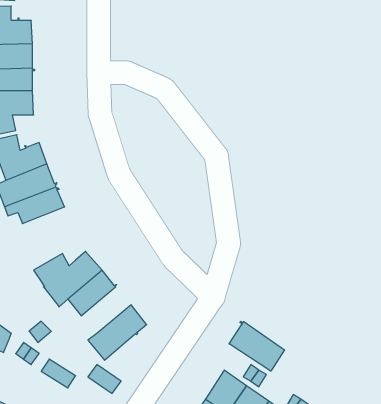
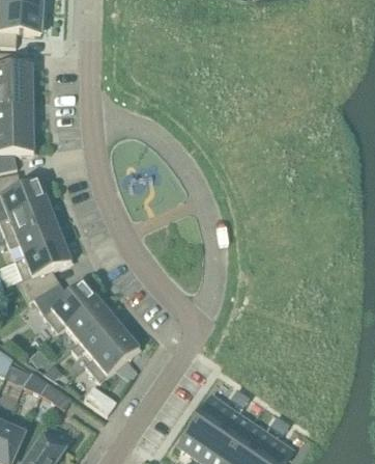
building: none -> [13,239,70,301]
building: none -> [70,313,124,357]
building: [229,321,285,371] -> none

